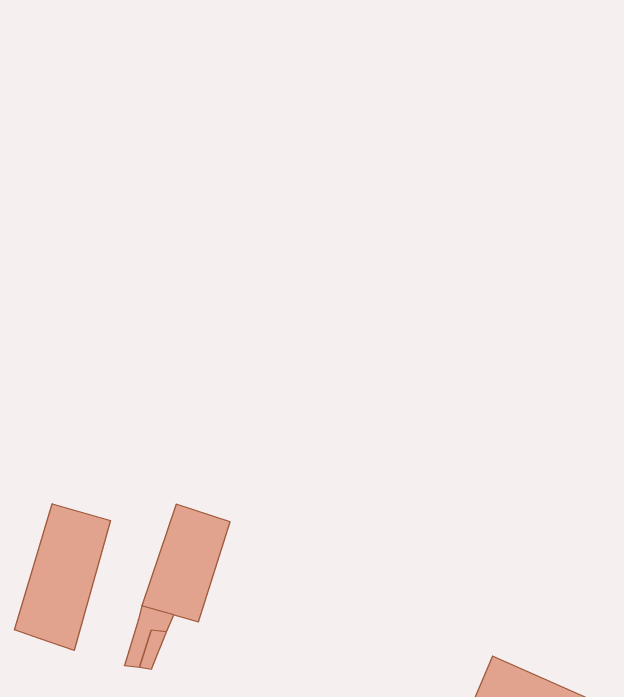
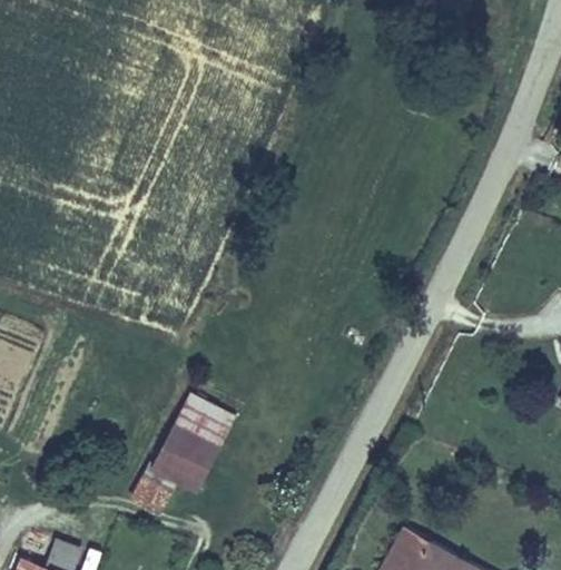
building: [15,504,110,650] -> none

